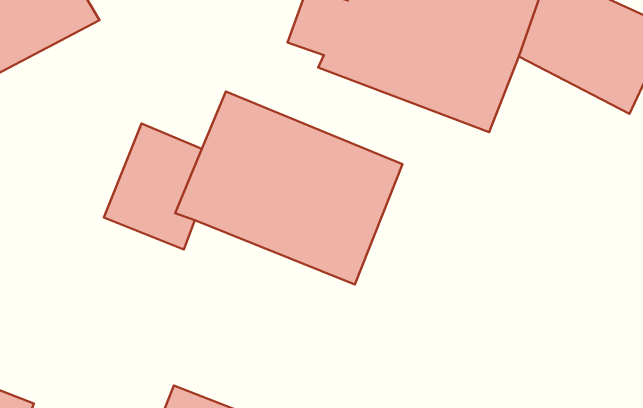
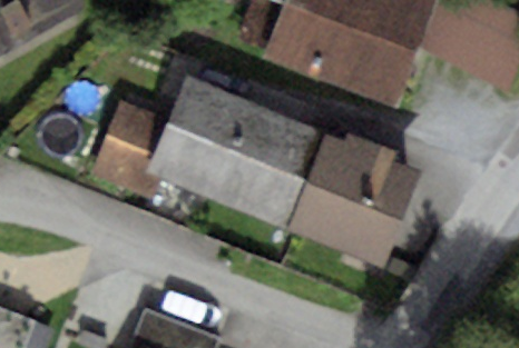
building: none -> [288,131,420,265]

